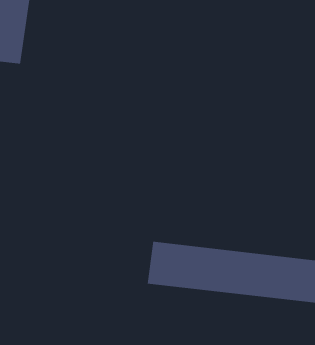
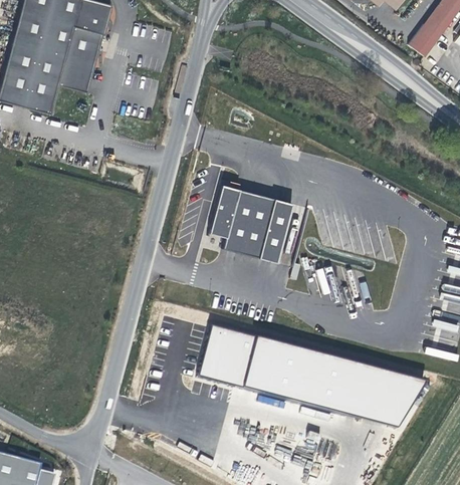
building: none -> [212,187,294,264]

